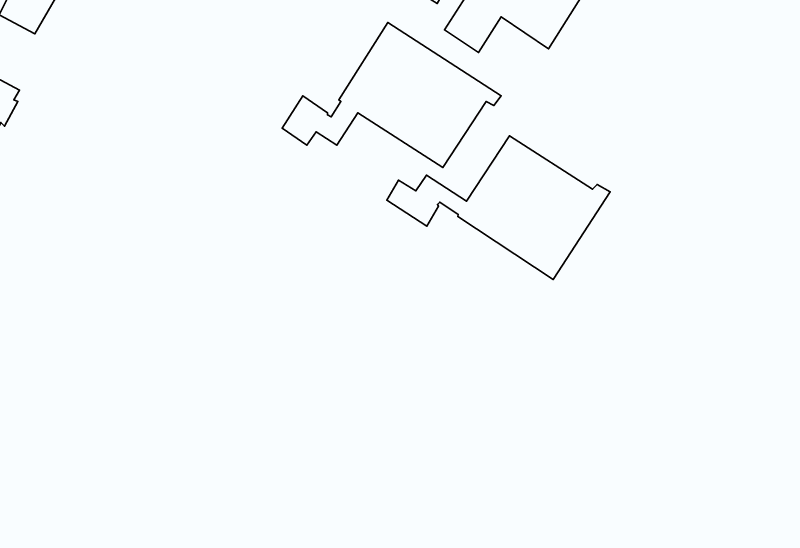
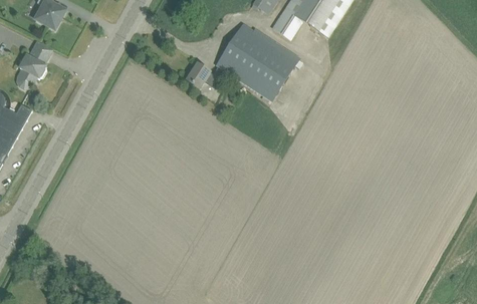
building: [387,136,610,279] -> none

